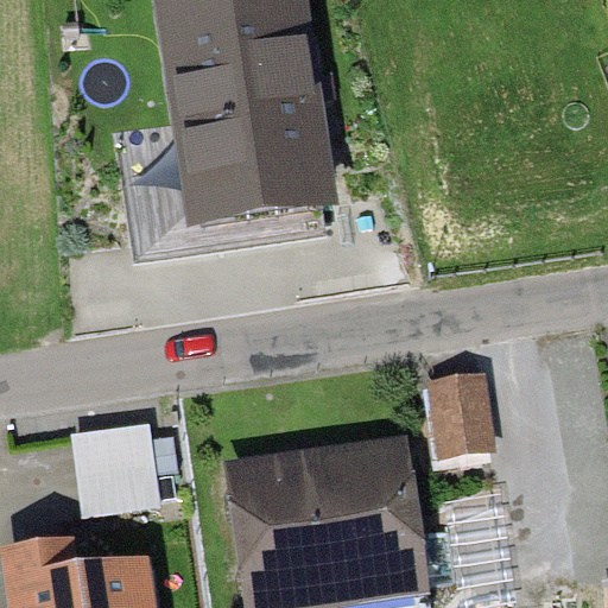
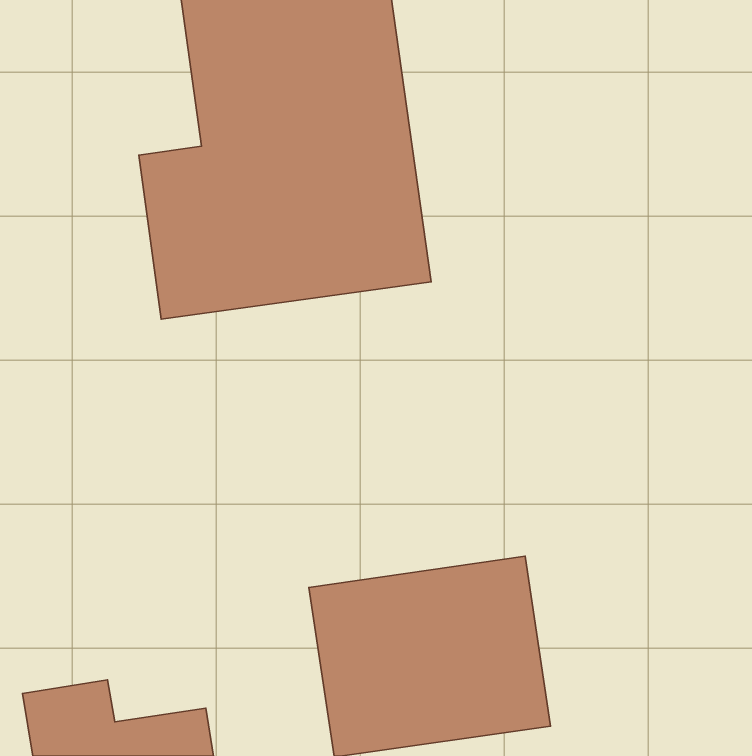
building: [418,369,492,462] -> none
building: [64,420,157,515] -> none

